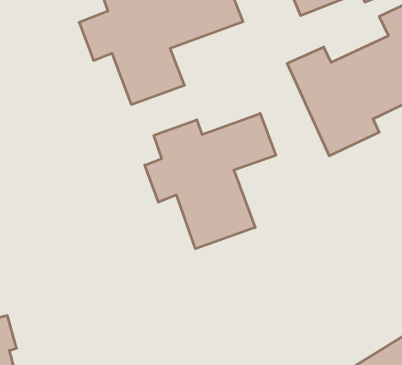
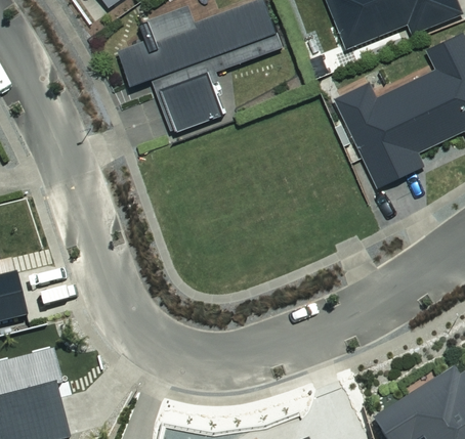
building: [145,113,276,249] -> none

